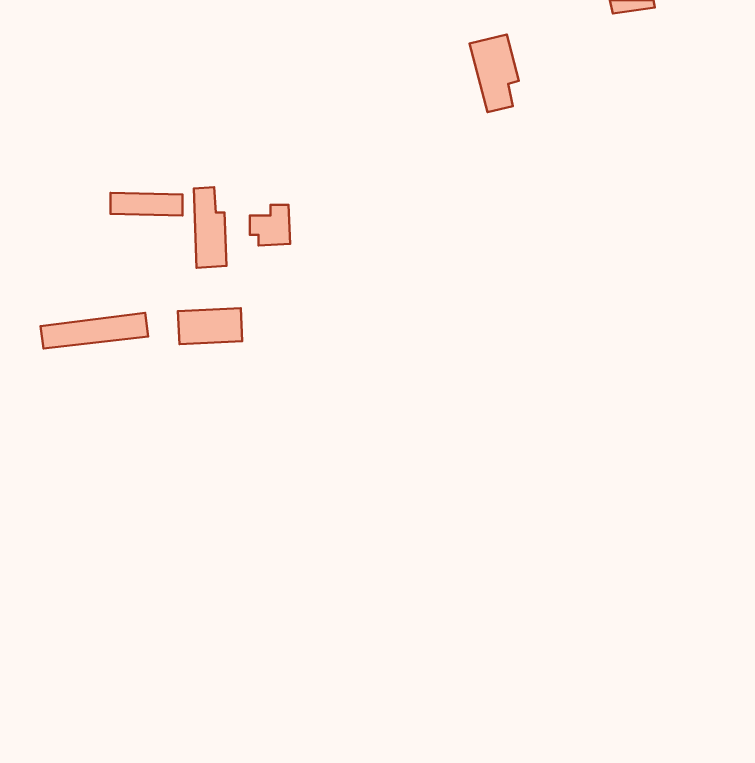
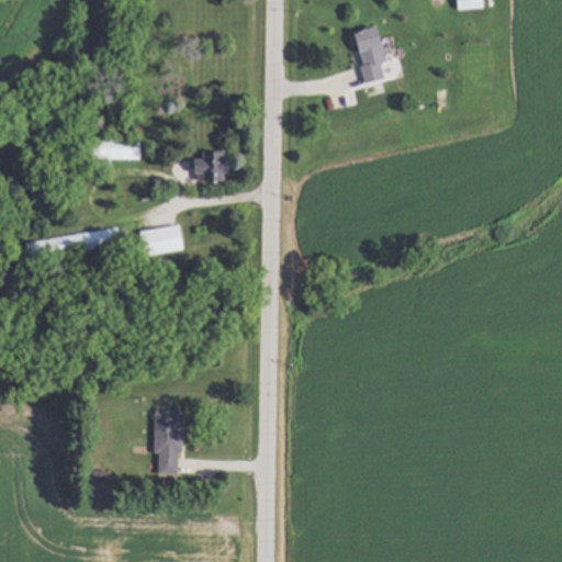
building: [194,187,226,268] -> none
building: none -> [155,412,179,474]

